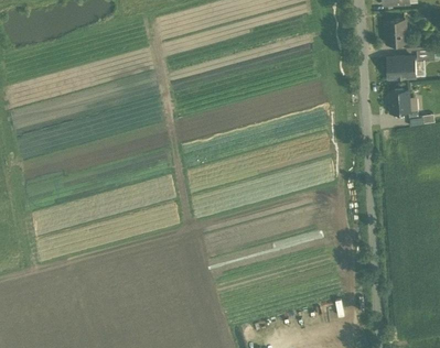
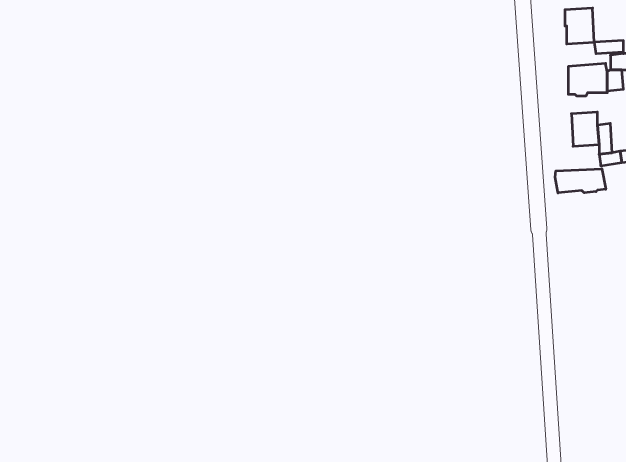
building: none -> [555,169,606,193]

